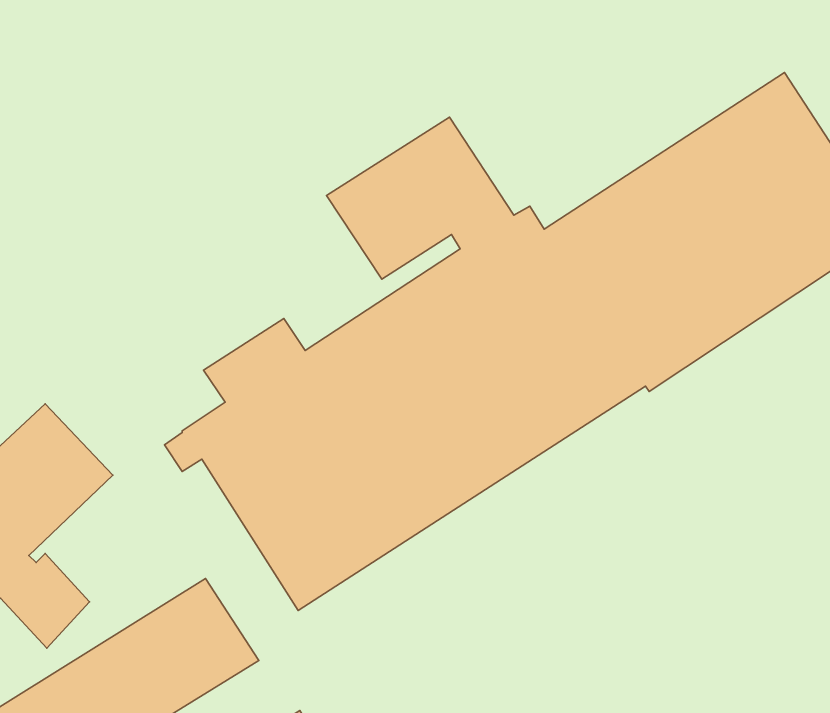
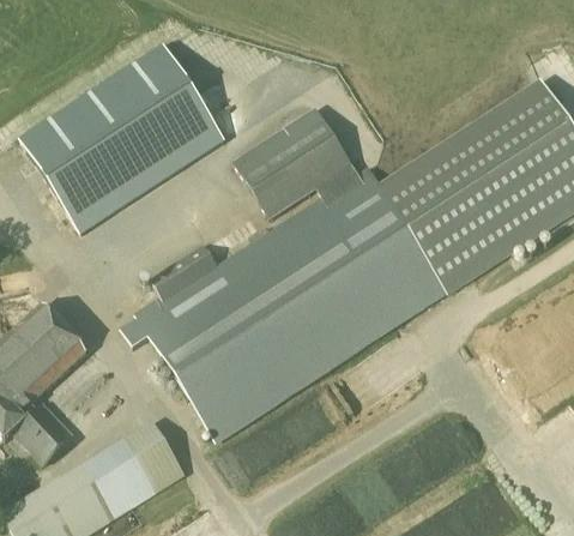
building: none -> [22,46,224,231]

